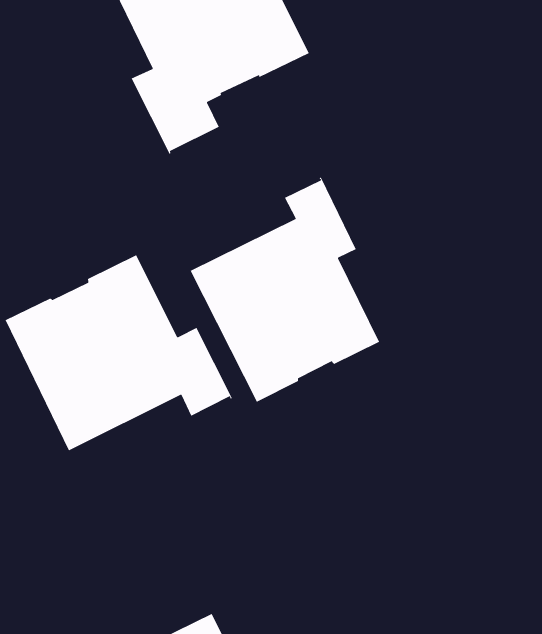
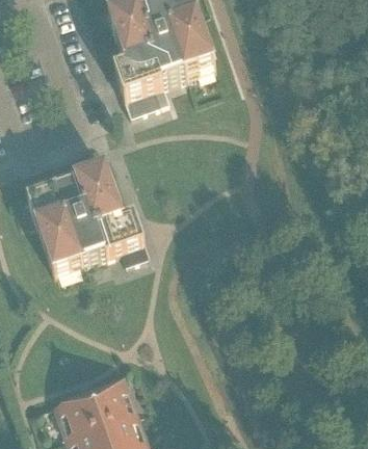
building: [189,176,380,403] -> none

